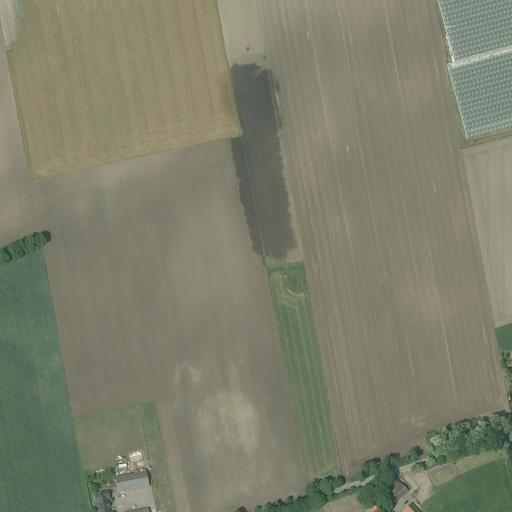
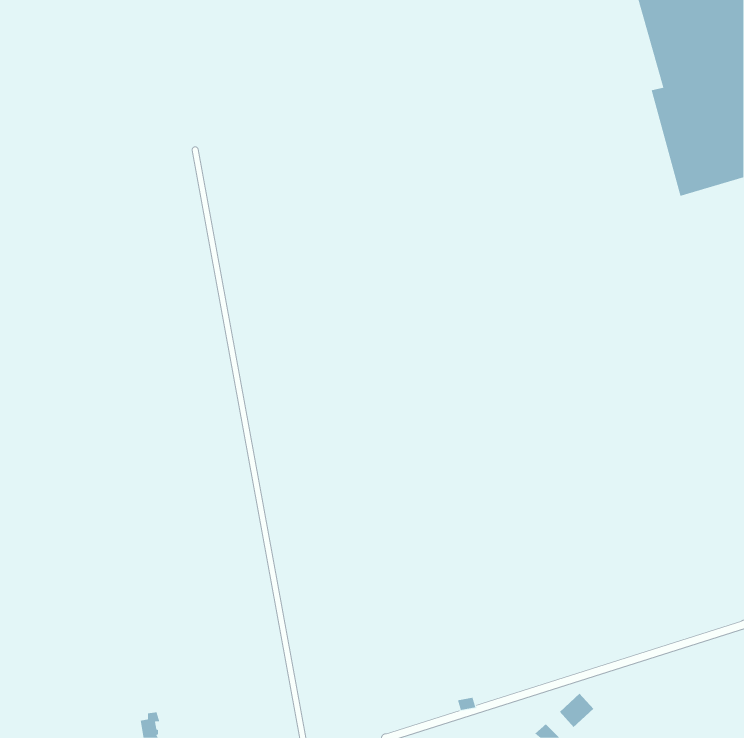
building: [116,469,149,490] -> none

